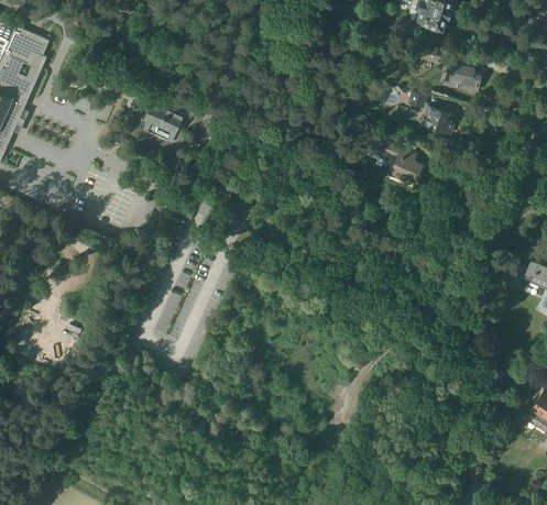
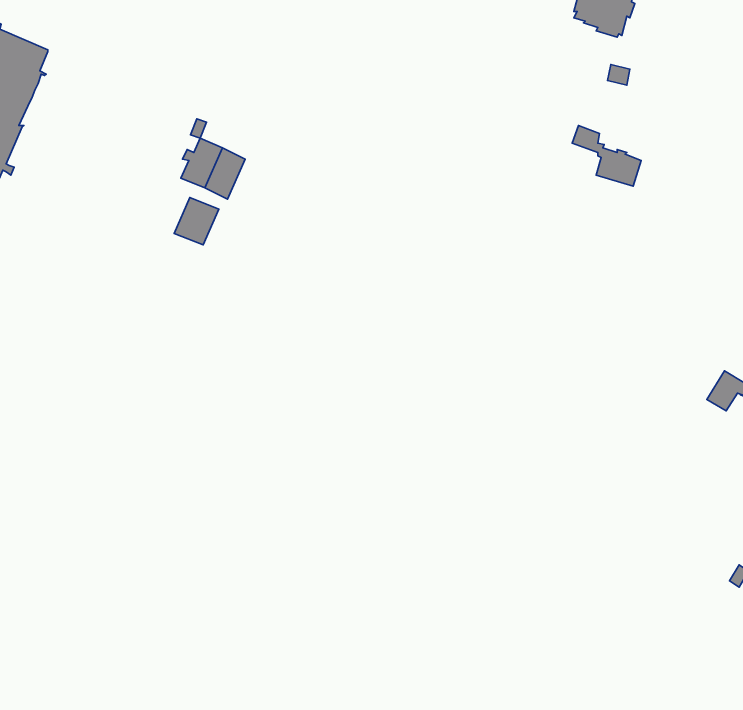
building: [445,63,481,90] -> none
building: none -> [174,198,219,245]
building: [383,142,424,182] -> none

